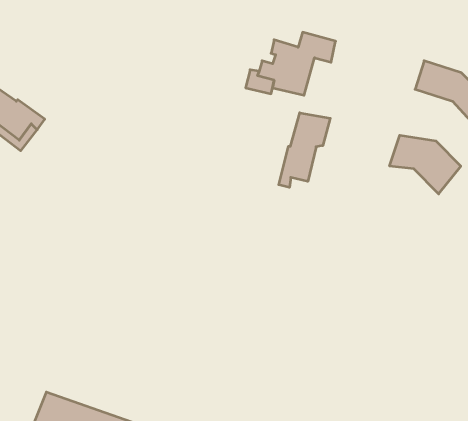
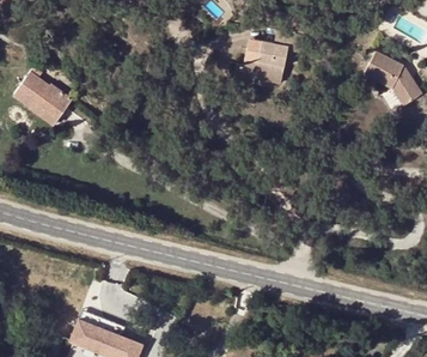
building: [279,113,330,187] -> none
building: [390,135,461,194] -> none

